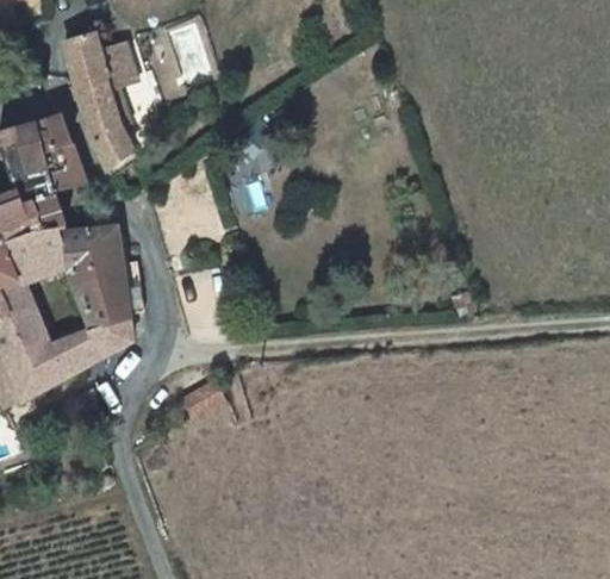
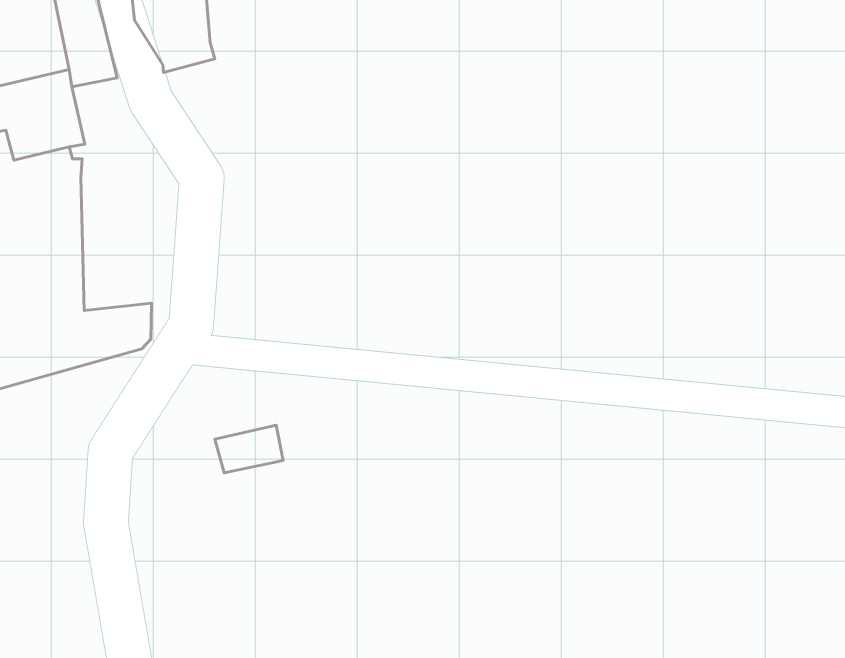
building: [69,226,129,325] -> none

